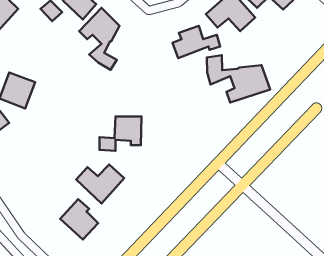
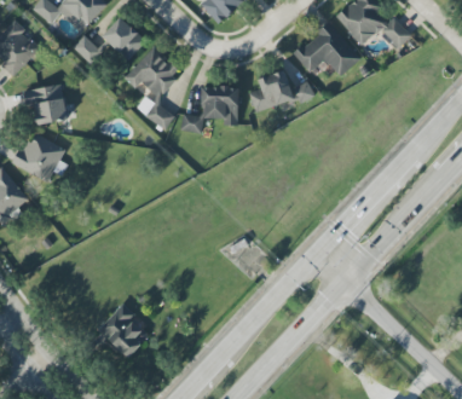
building: none -> [24,85,67,123]
building: [207,55,270,103] -> none
building: [99,117,142,151] -> [181,86,238,132]
building: [76,165,124,203] -> none

